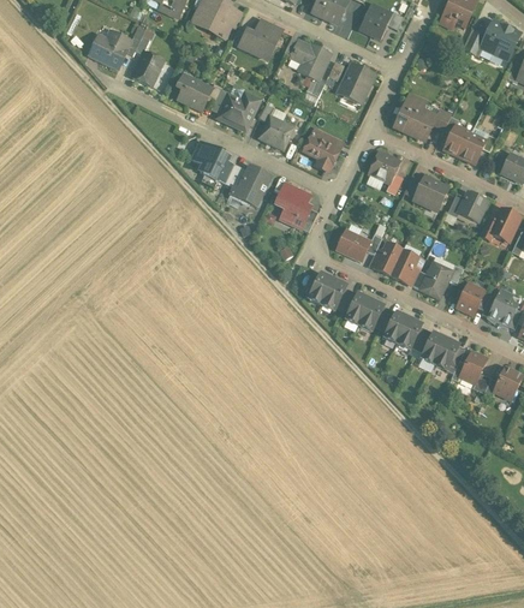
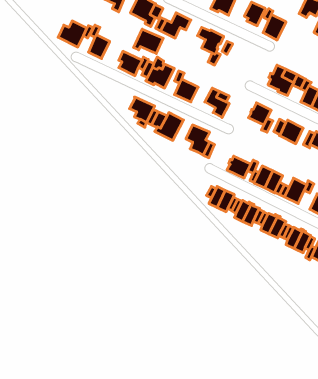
building: none -> [134,29,163,54]
building: [340,65,374,102] -> [263,15,286,40]

